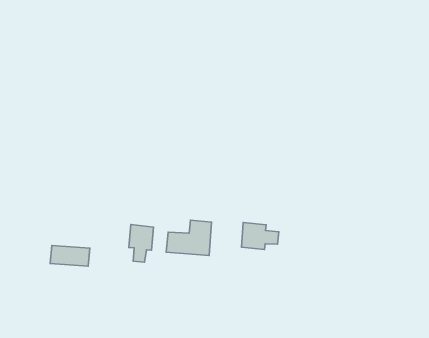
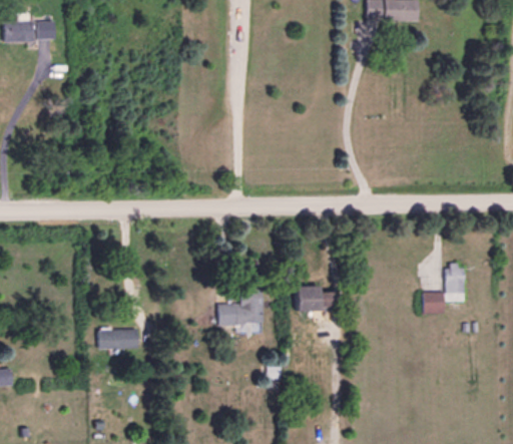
building: none -> [423,267,465,314]
building: [129,224,153,262] -> none

